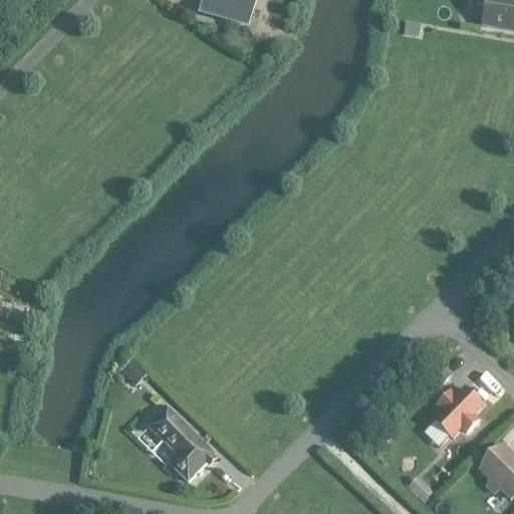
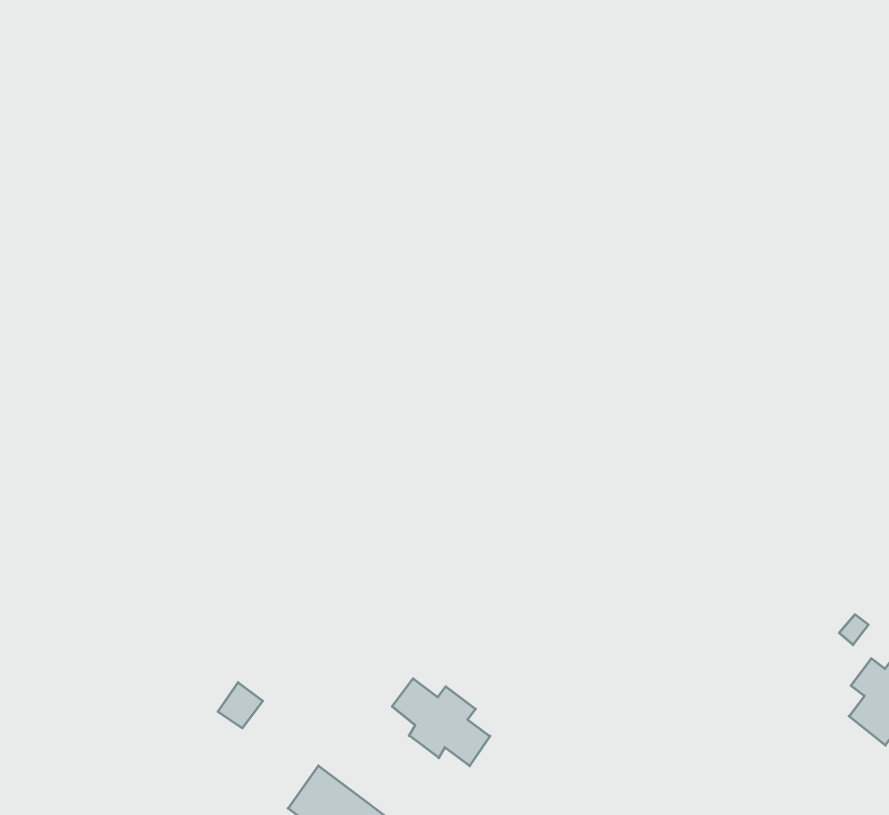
building: none -> [392,679,490,766]

